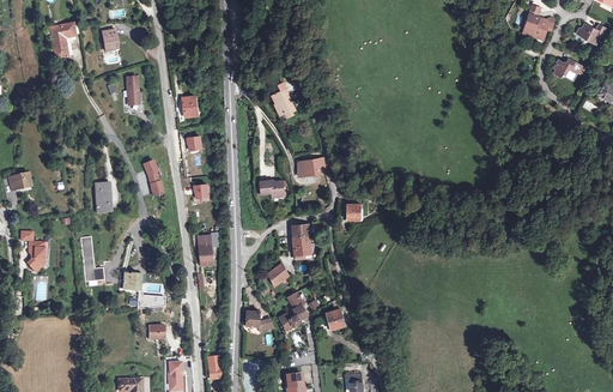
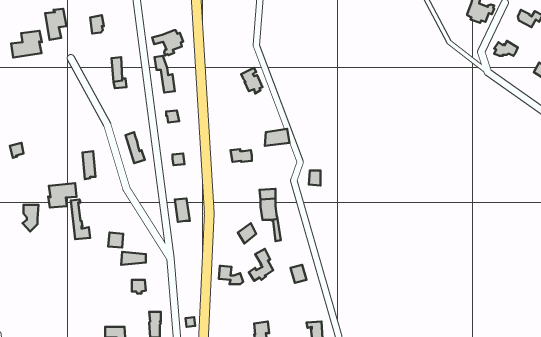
building: none -> [152,30,183,55]
building: none -> [11,31,42,58]
building: none -> [48,183,76,207]

